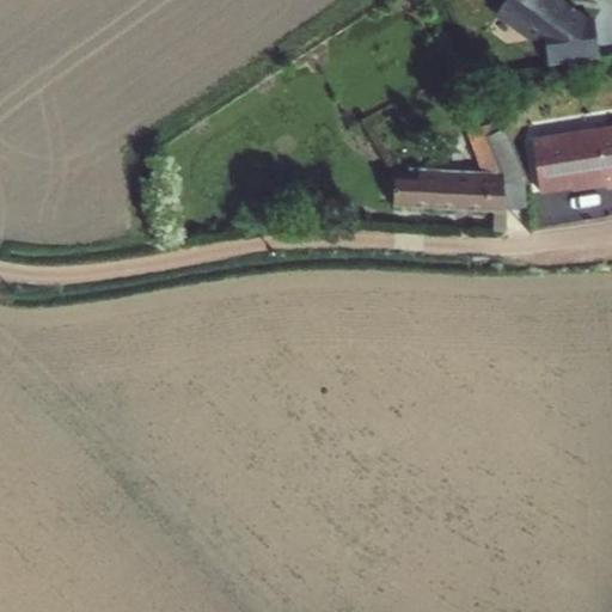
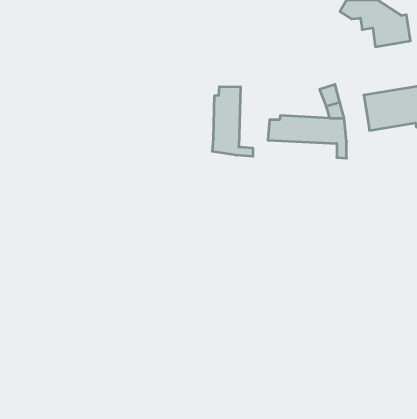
building: none -> [212,87,253,156]

